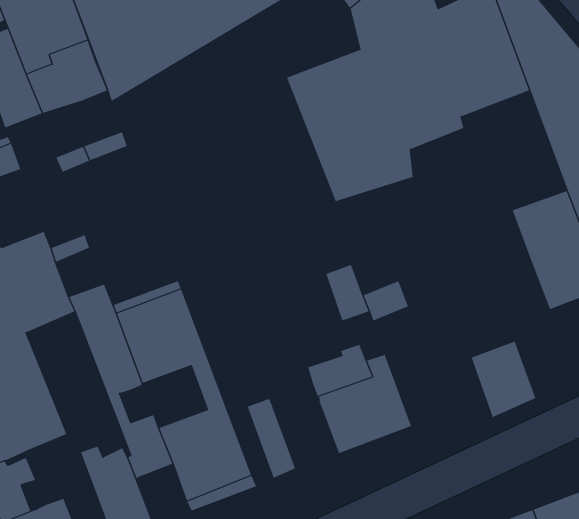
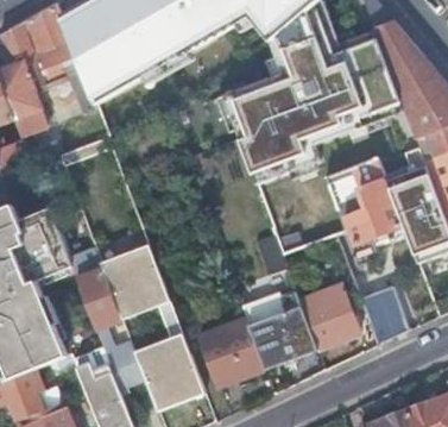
building: none -> [326,156,402,240]
building: none -> [298,282,359,348]
building: none -> [214,318,264,379]

